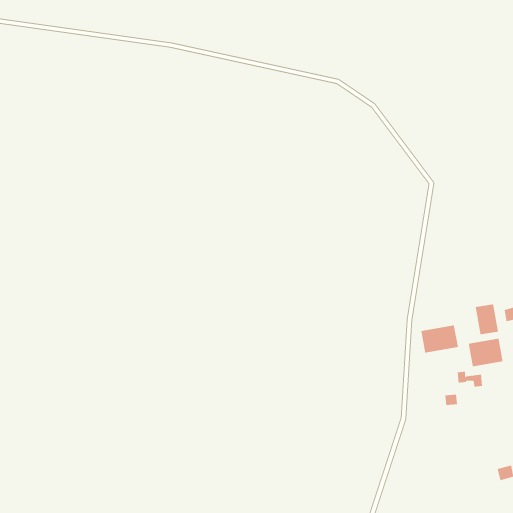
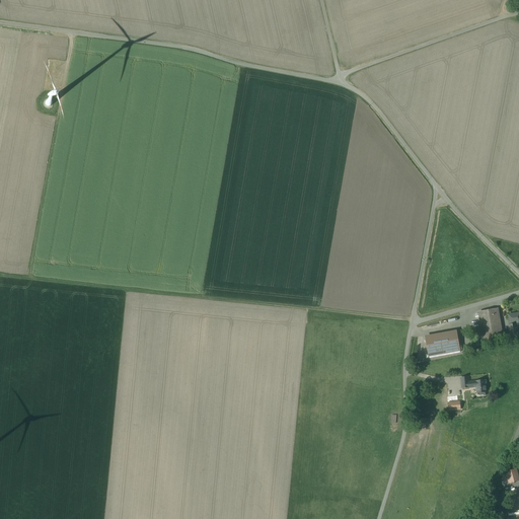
building: [468,338,503,367] -> none

